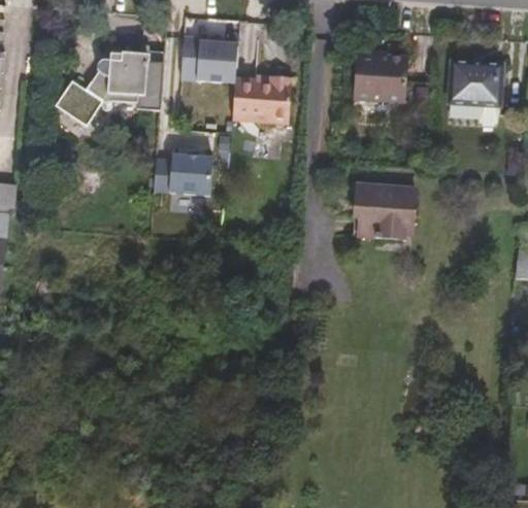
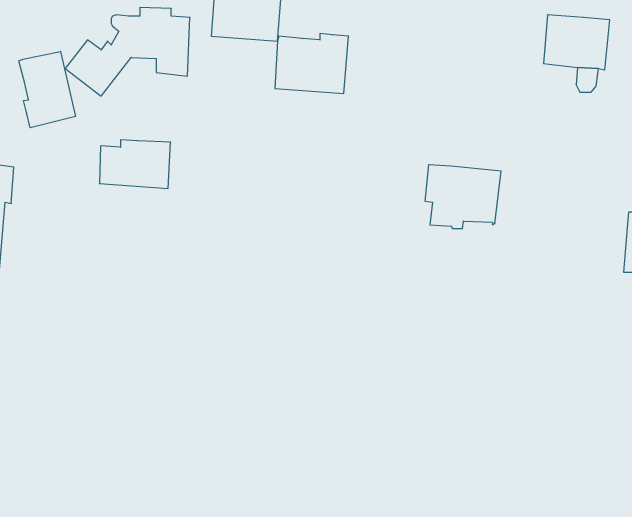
building: [353,54,408,100] -> none
building: none -> [19,51,76,128]
building: [153,154,211,194] -> [99,140,171,188]

